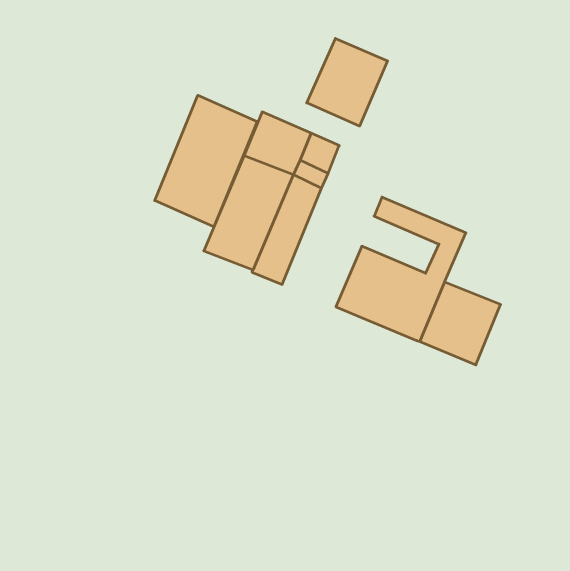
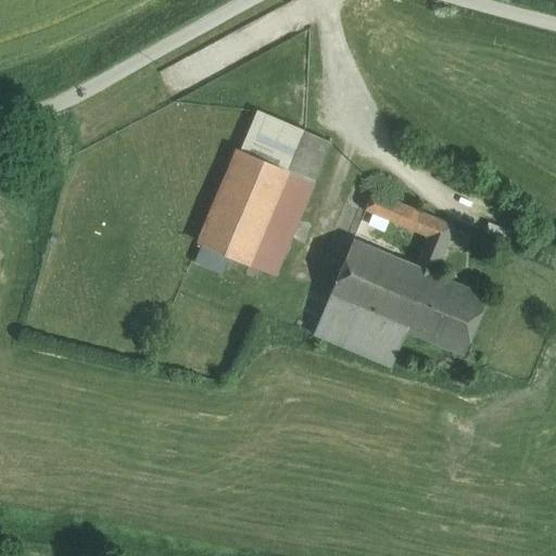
building: [307,38,388,126] -> none
building: [155,95,257,227] -> none
building: none -> [311,298,404,366]

